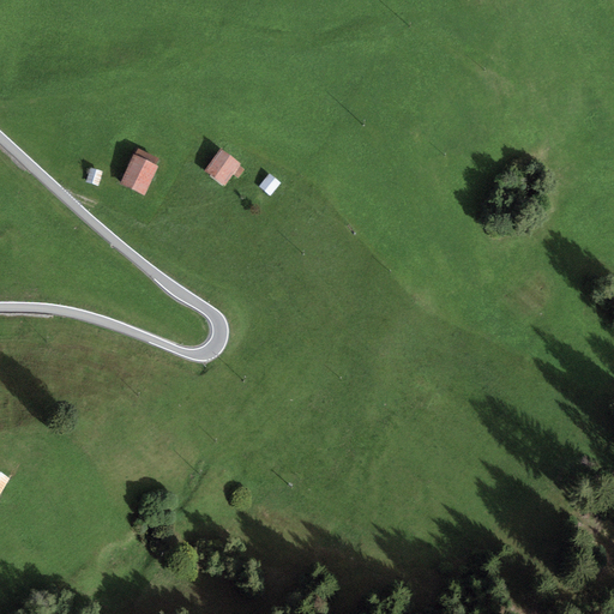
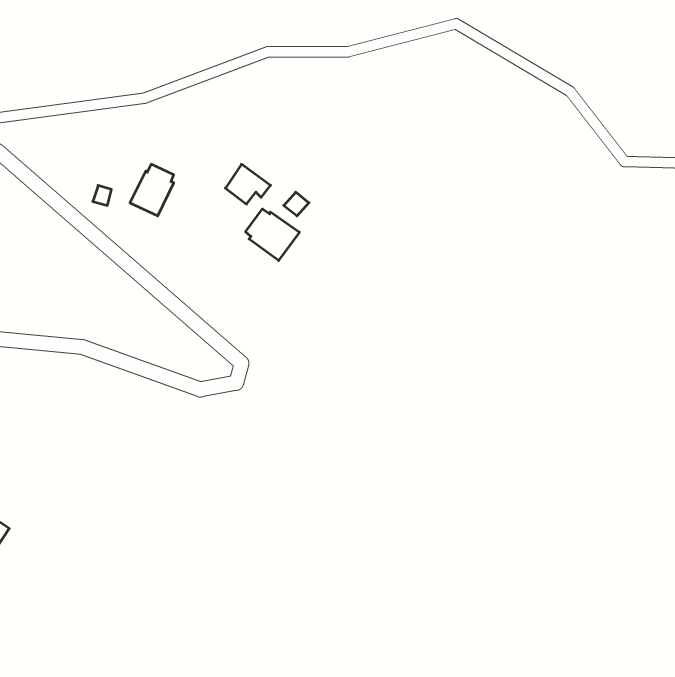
building: none -> [246,209,299,261]

